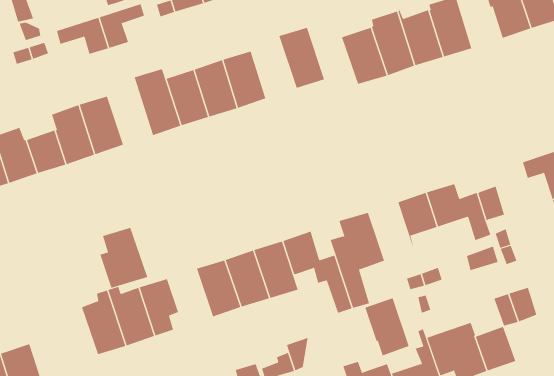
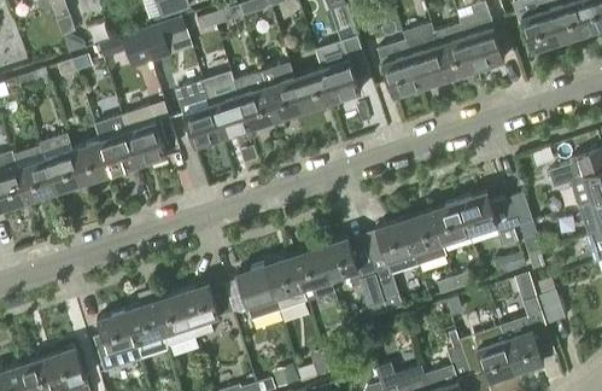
building: none -> [288,63,331,110]
building: [100,227,148,288] -> [94,311,141,370]
building: [365,297,410,356] -> [402,210,445,267]

